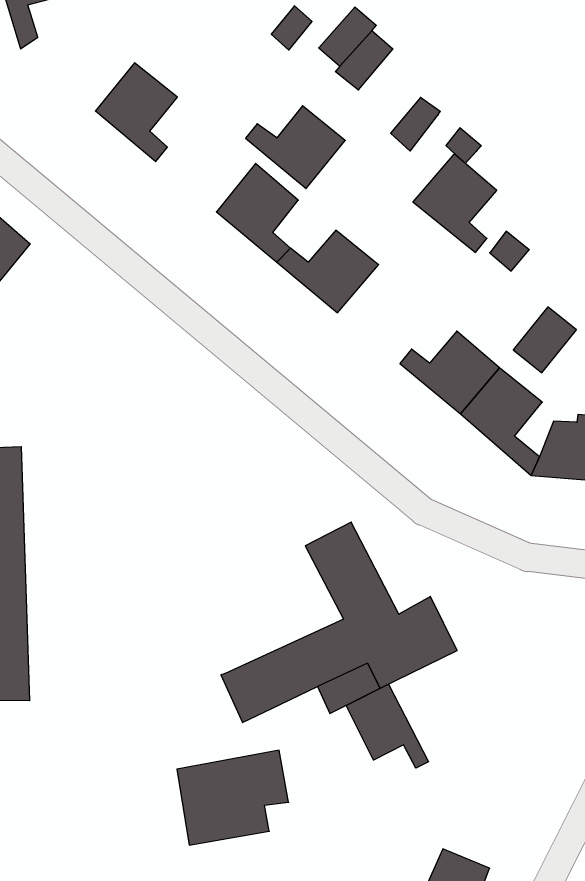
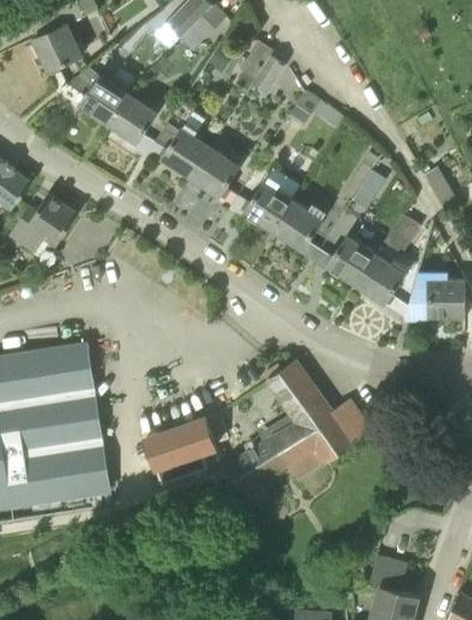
building: none -> [57,75,128,127]
building: [246,106,345,189] -> [149,130,211,180]
building: [413,154,497,253] -> [272,201,323,260]
building: [346,684,429,768] -> none
building: [177,750,289,845] -> [151,413,223,478]

